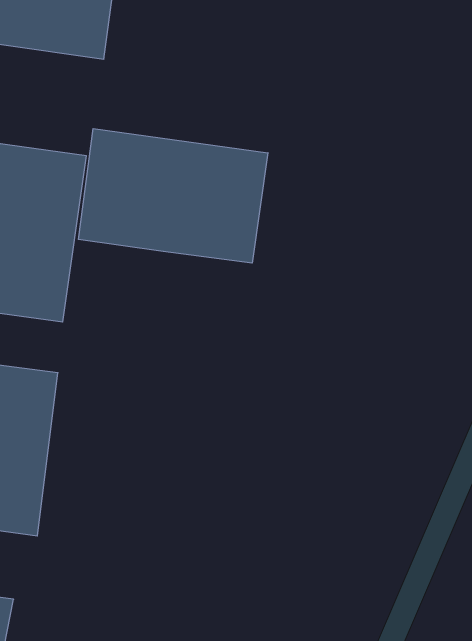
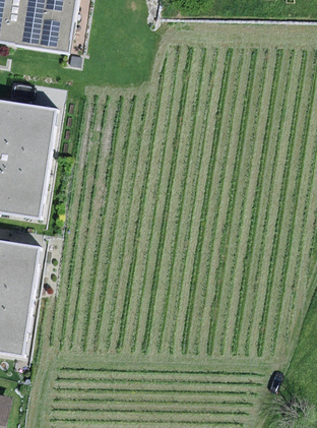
building: [78,129,268,263] -> none

